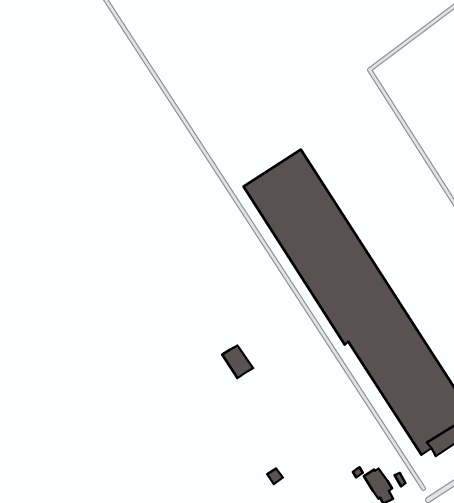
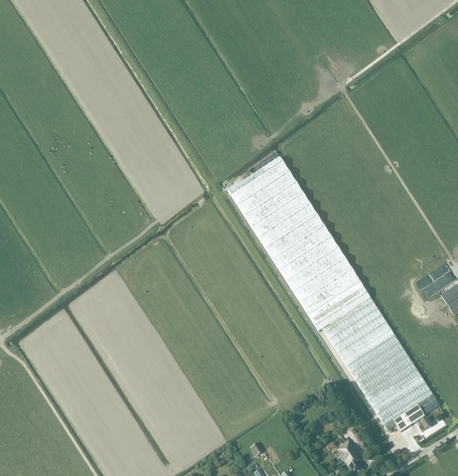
building: [222,345,253,378] -> none

